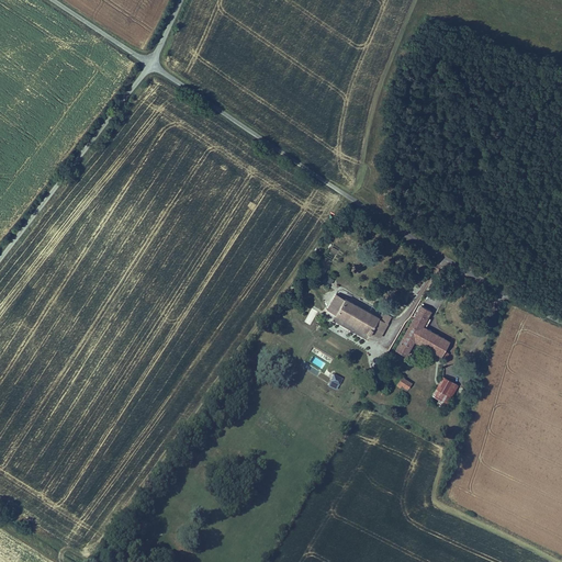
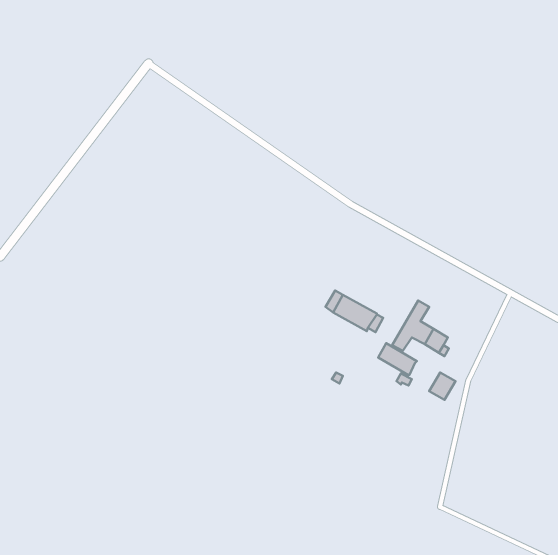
building: none -> [378,343,417,375]

